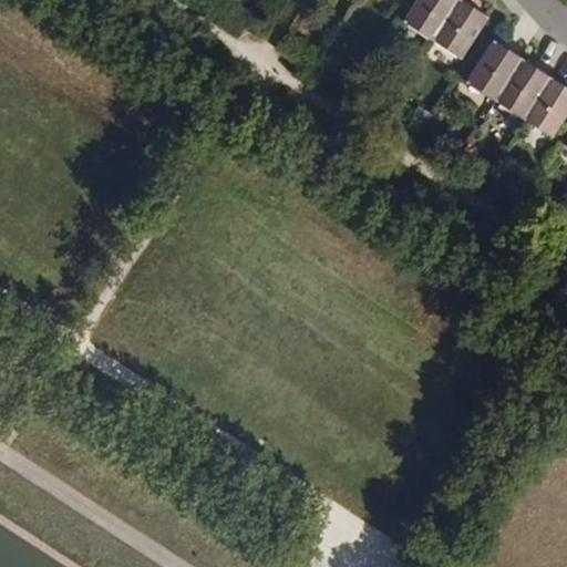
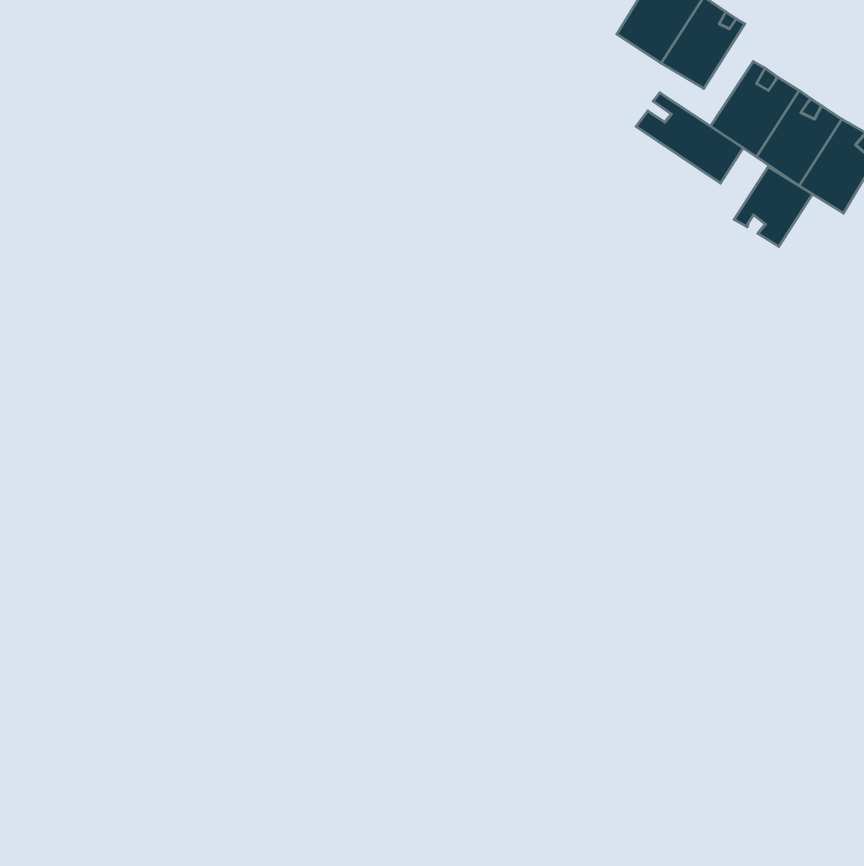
building: none -> [636,93,743,183]
building: none -> [734,167,813,247]

